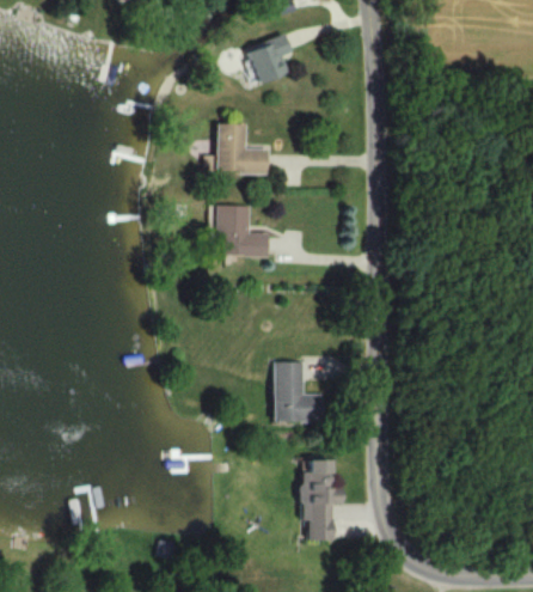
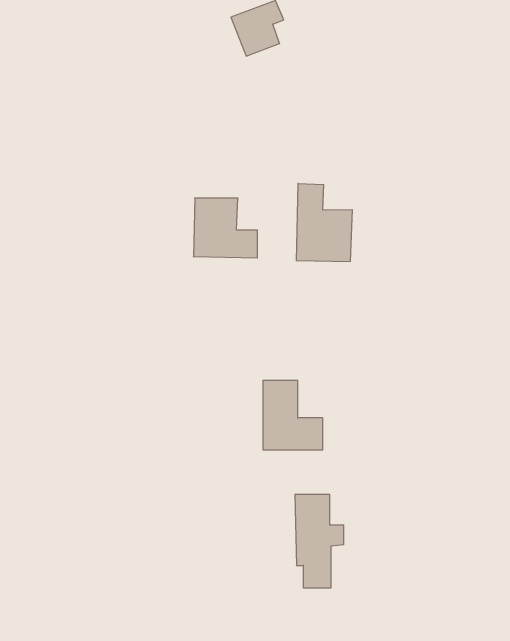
building: [216,124,268,173] -> none
building: none -> [296,183,352,262]

